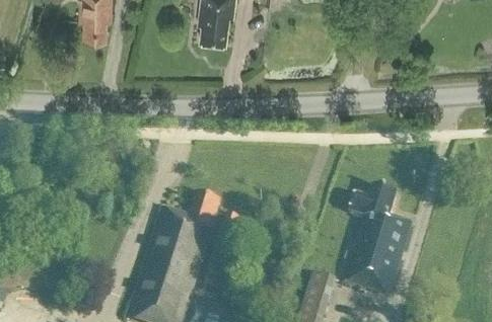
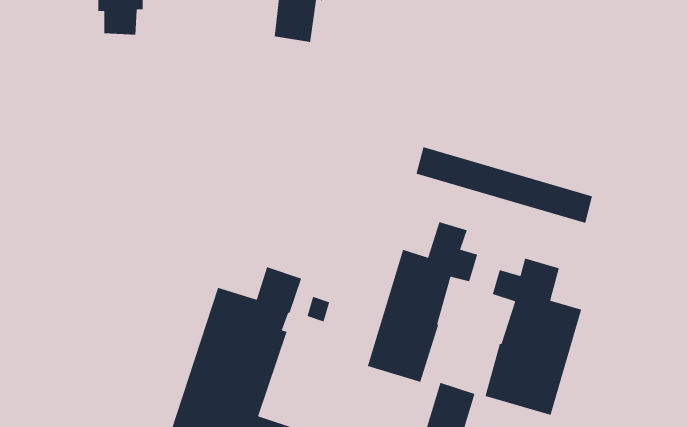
building: none -> [415,146,593,224]
building: none -> [367,221,478,383]

